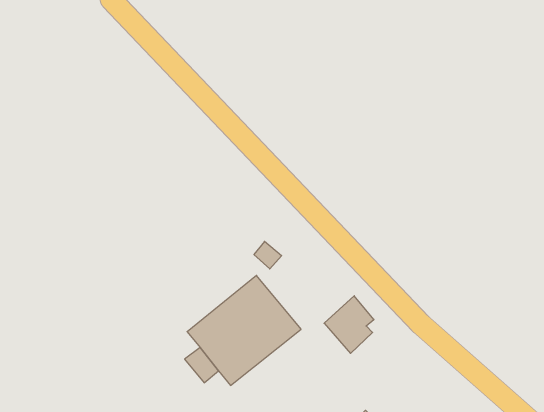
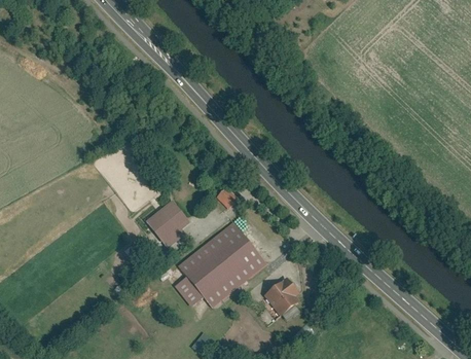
building: none -> [145,201,188,247]
building: [324,296,374,353] -> [260,275,299,320]

